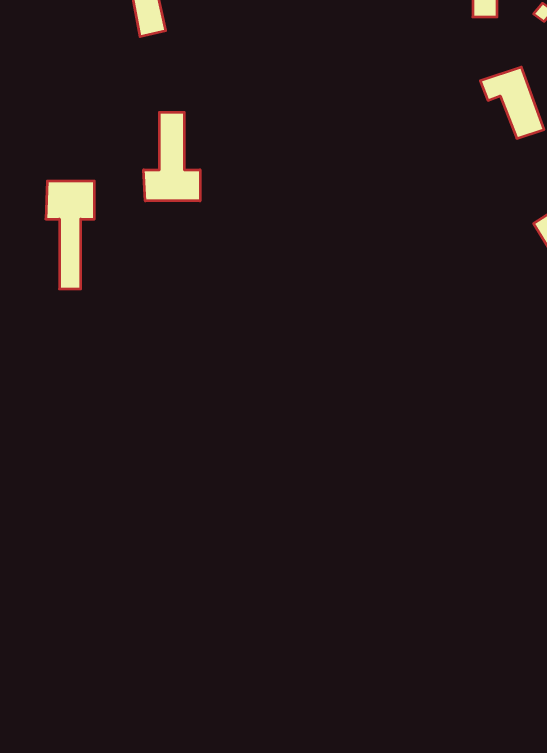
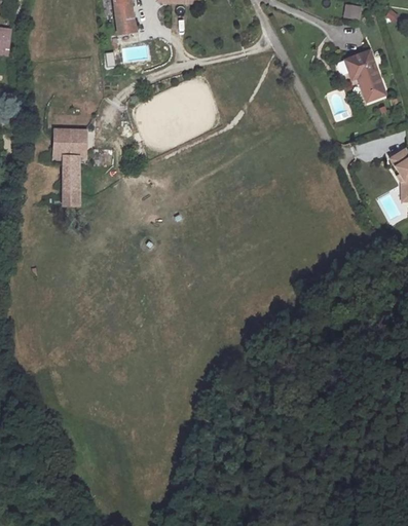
building: [144,112,200,201] -> none

